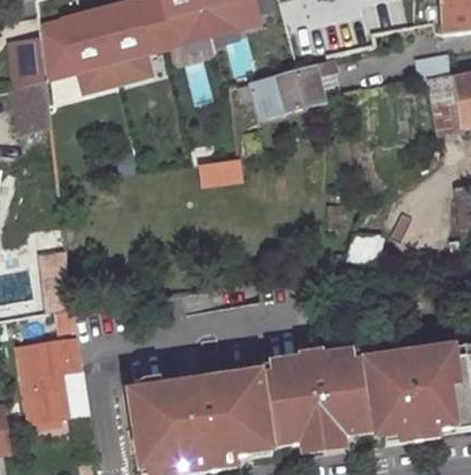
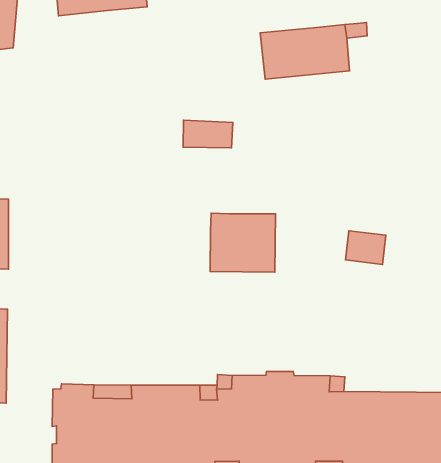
building: none -> [210,213,276,272]

